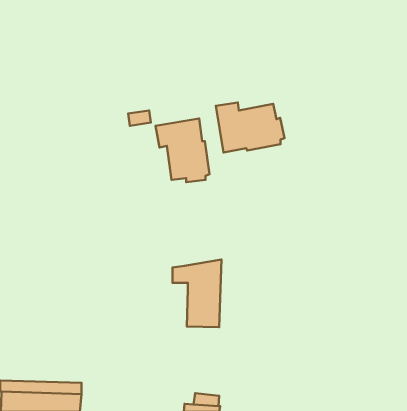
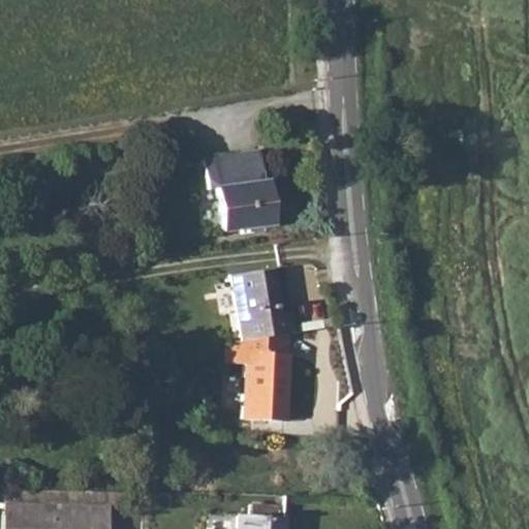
building: [216,103,284,152] -> none
building: none -> [234,269,294,342]

